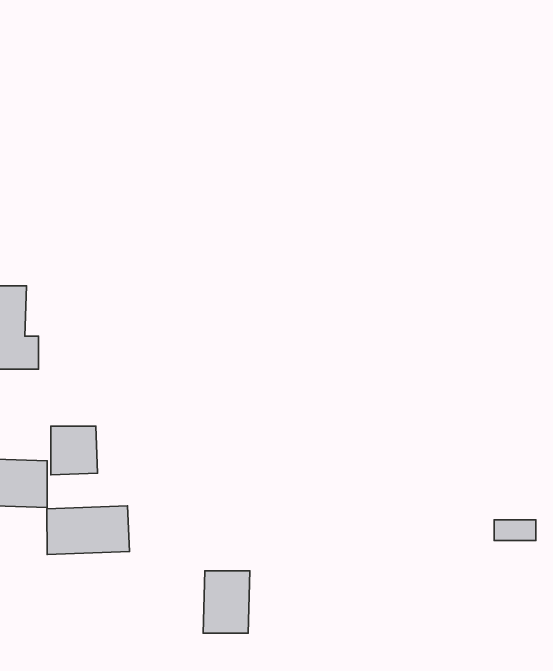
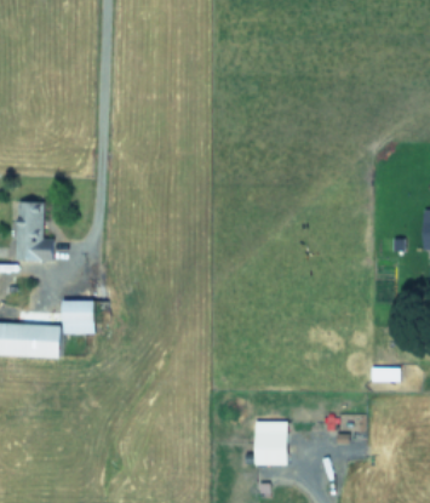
building: [47,506,129,555] -> none
building: [203,571,250,633] -> [253,421,286,464]

